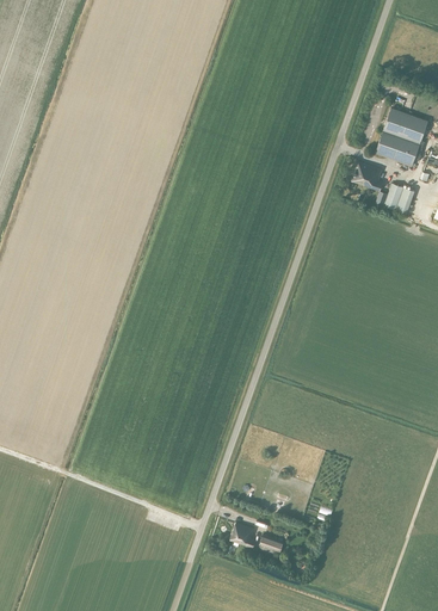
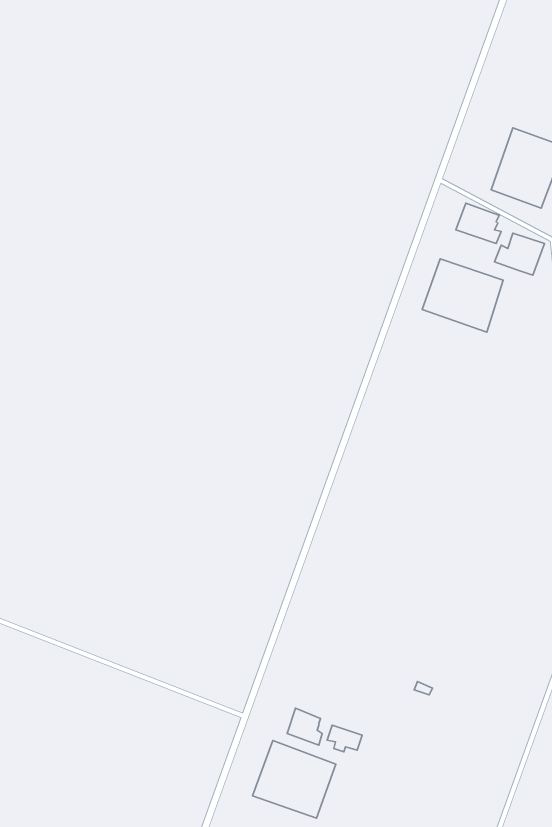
building: none -> [422,259,503,332]
building: none -> [252,741,336,818]

